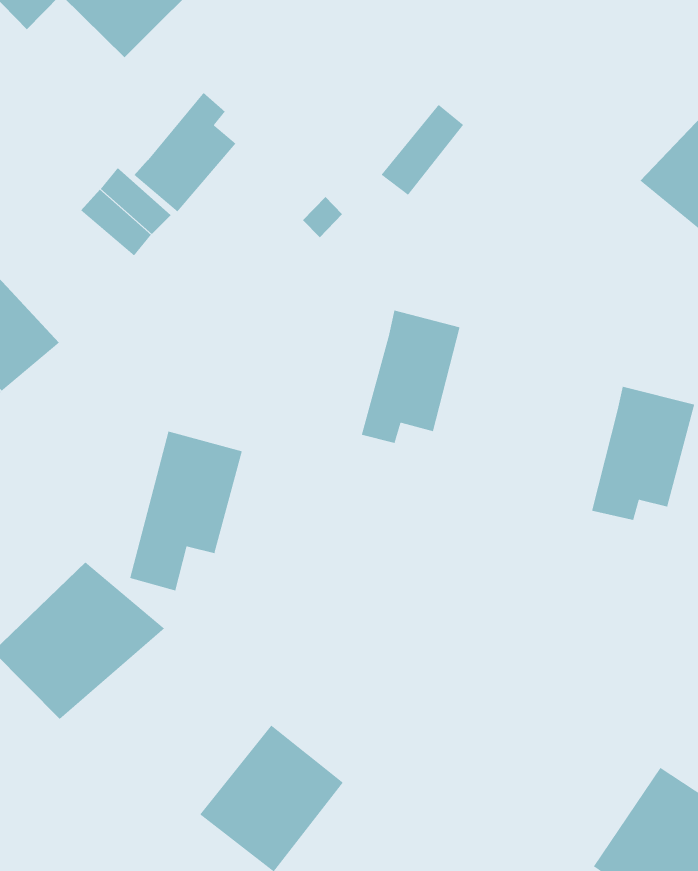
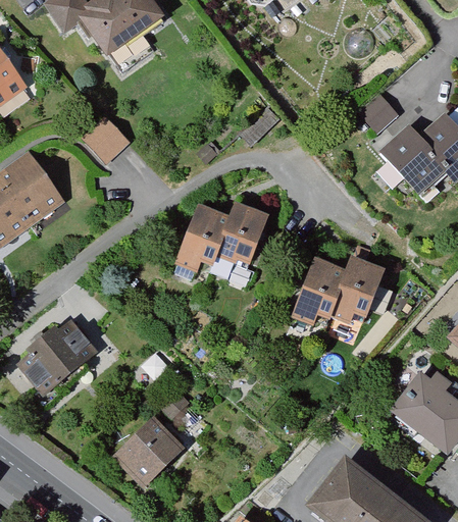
building: none -> [355,91,395,130]
building: [133,92,236,213] -> none
building: none -> [290,253,348,325]
building: [129,431,243,592] -> [168,201,234,284]

